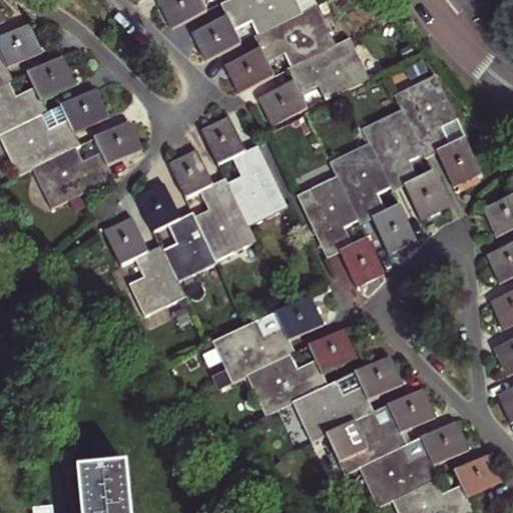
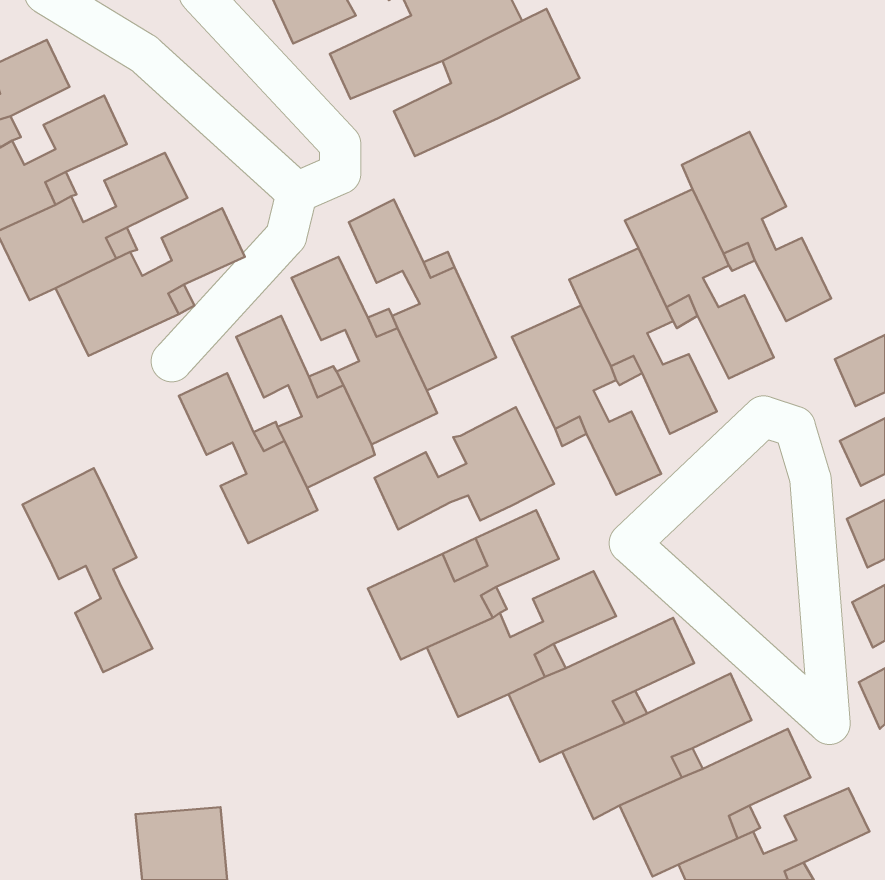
building: [260,38,368,123] -> none
building: none -> [374,407,554,530]
building: none -> [23,468,152,672]

